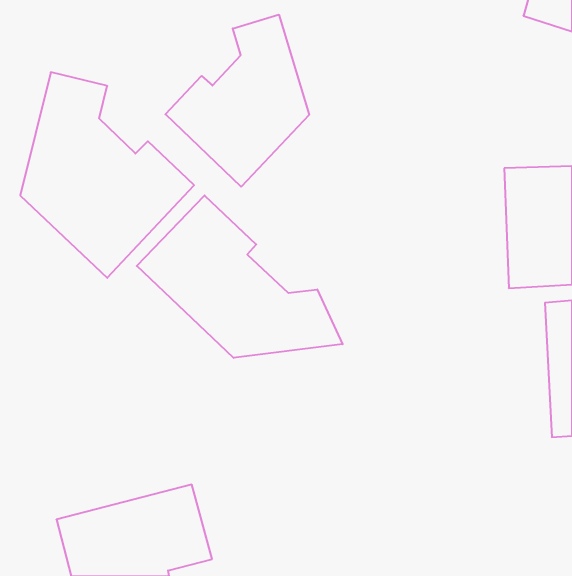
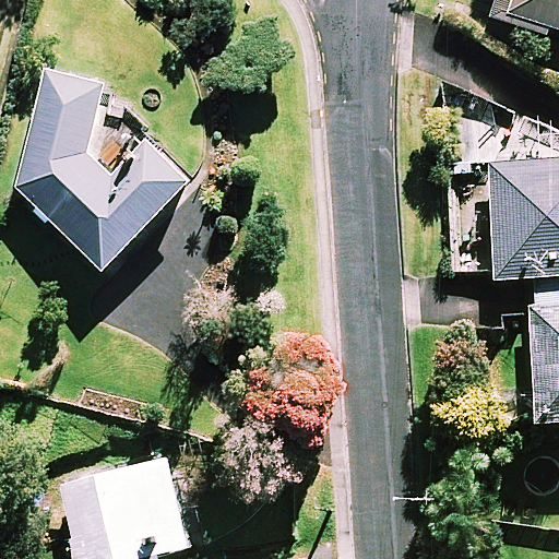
building: [165,15,309,187] -> none
building: [137,195,343,358] -> none

